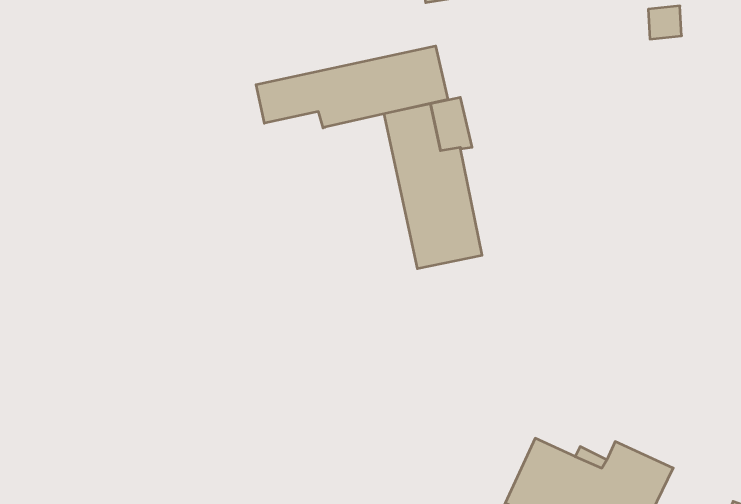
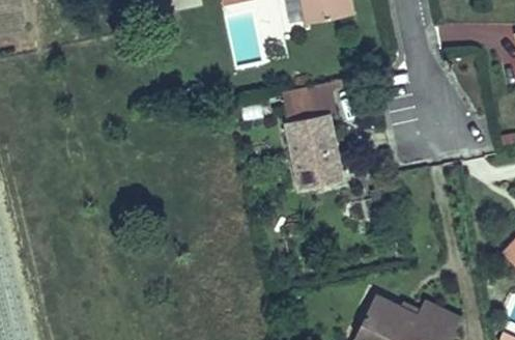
building: [256,46,448,128] -> none

